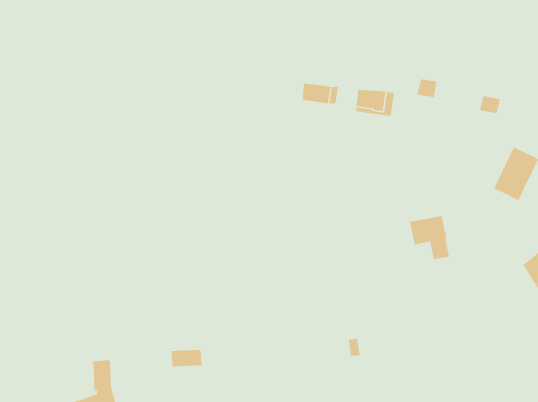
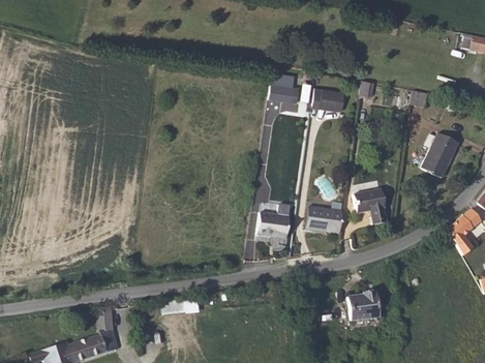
building: none -> [305,207,342,232]
building: none -> [257,211,290,235]
building: none -> [348,292,377,320]

